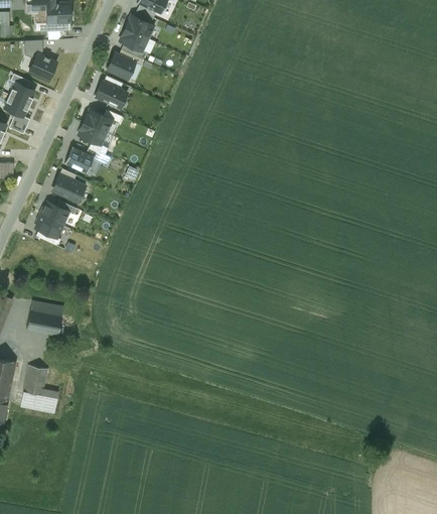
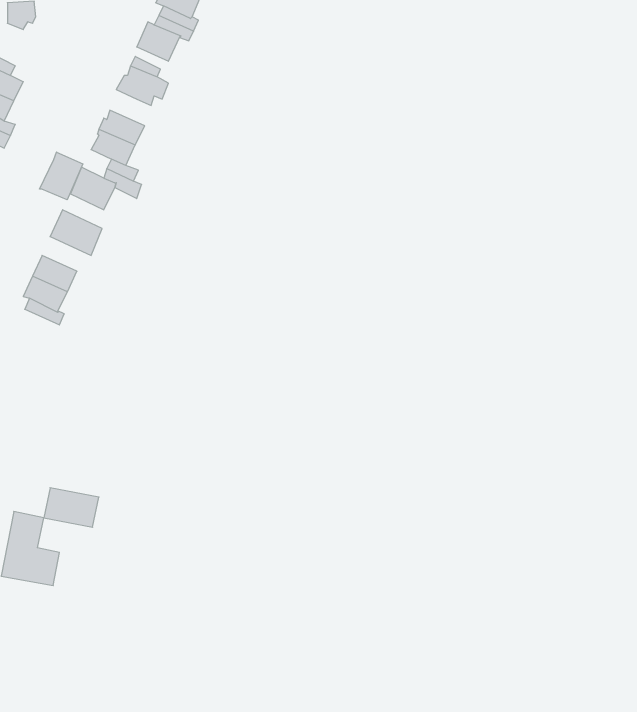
building: [28,52,56,80] -> none
building: none -> [40,152,83,200]
building: [26,309,61,335] -> [44,488,99,527]

